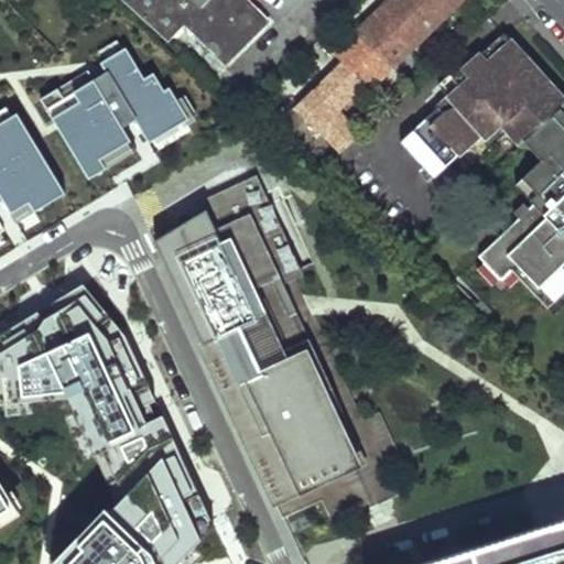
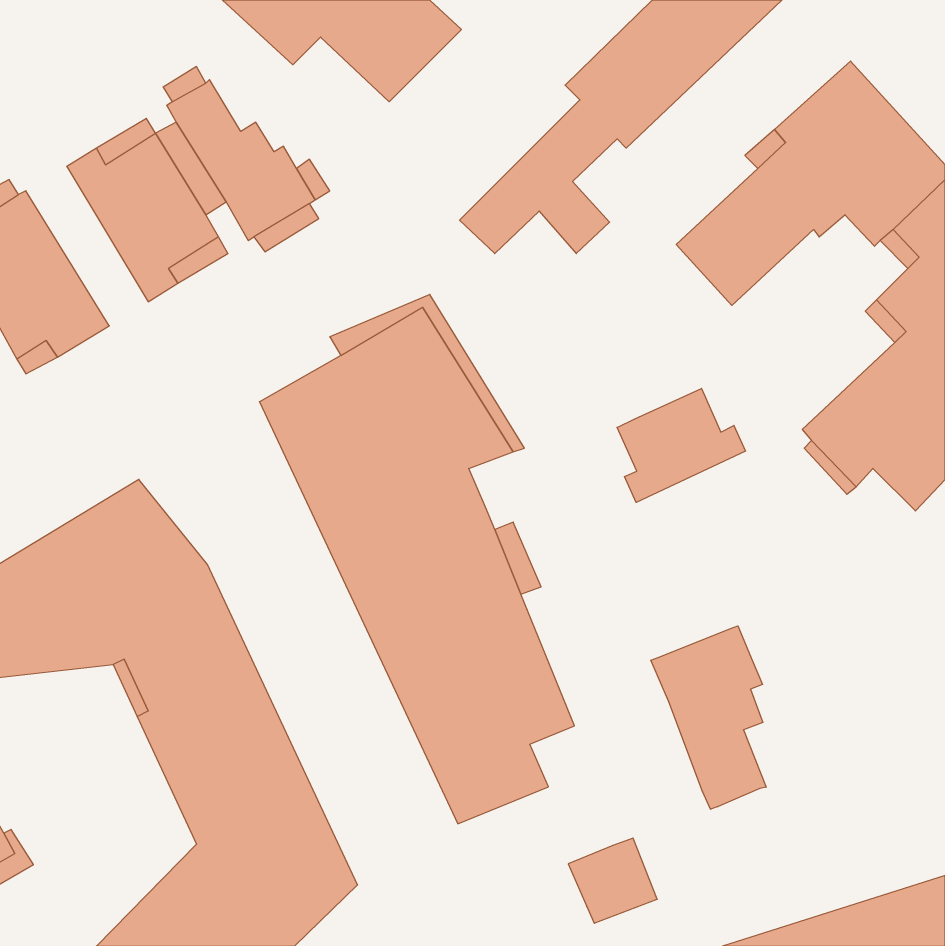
building: none -> [617,388,746,502]
building: none -> [651,626,766,809]
building: [315,427,368,478] -> [568,838,657,923]

